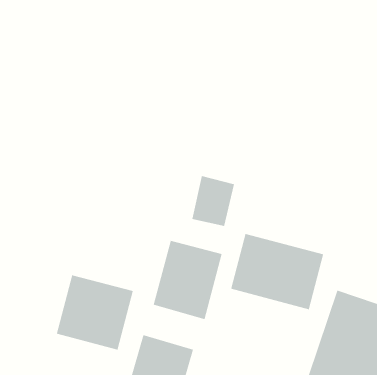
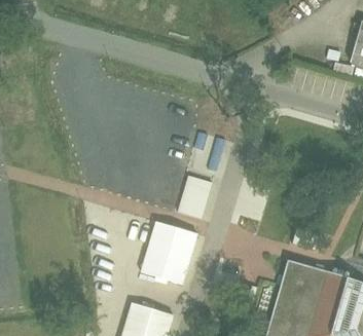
building: [230,233,324,310] -> none
building: [56,274,134,350] -> none

